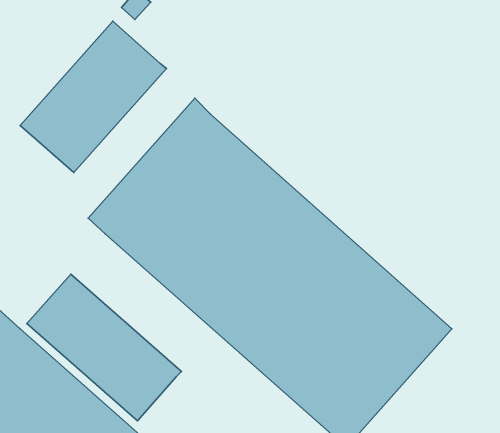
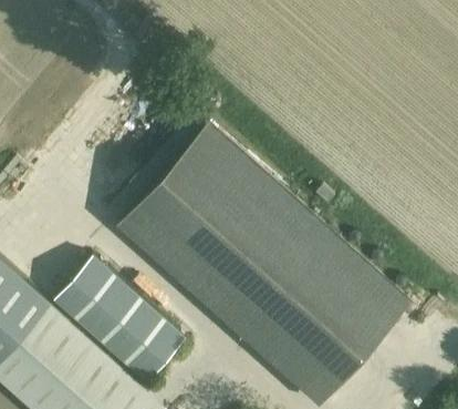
building: [20,21,166,173] -> none

